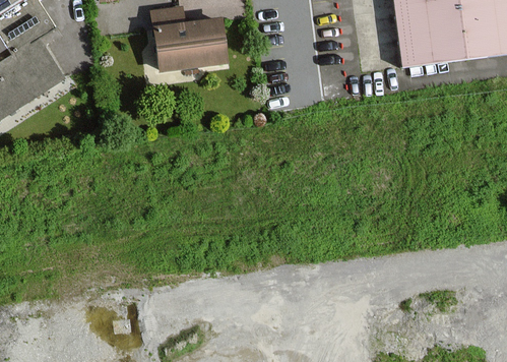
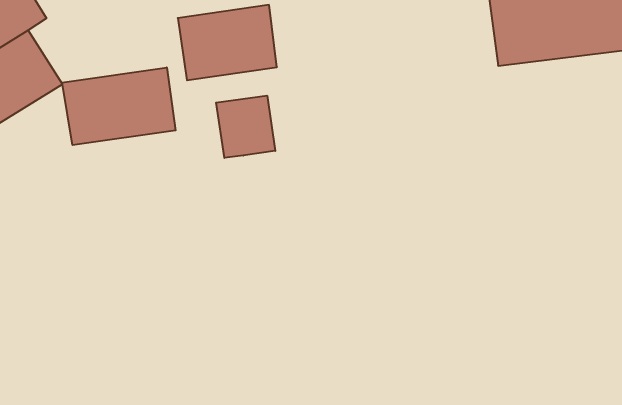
building: none -> [62,67,176,145]
building: none -> [216,96,275,158]

